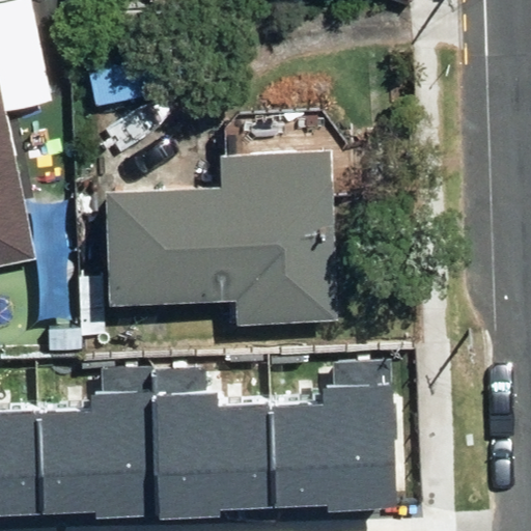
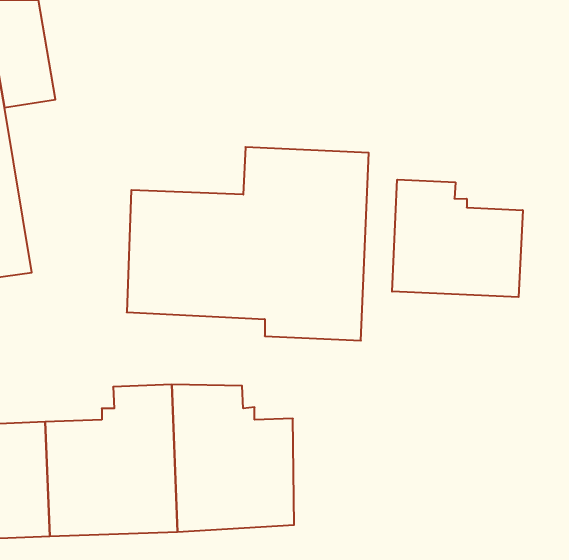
building: none -> [392,180,523,297]
building: [269,366,387,498] -> none

